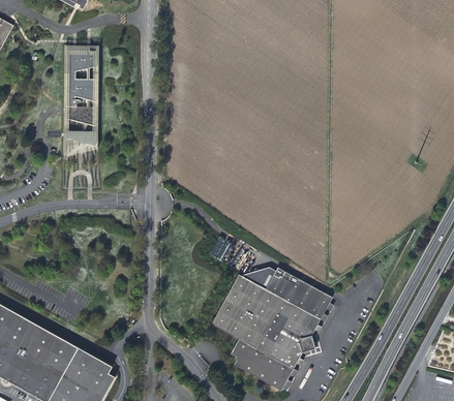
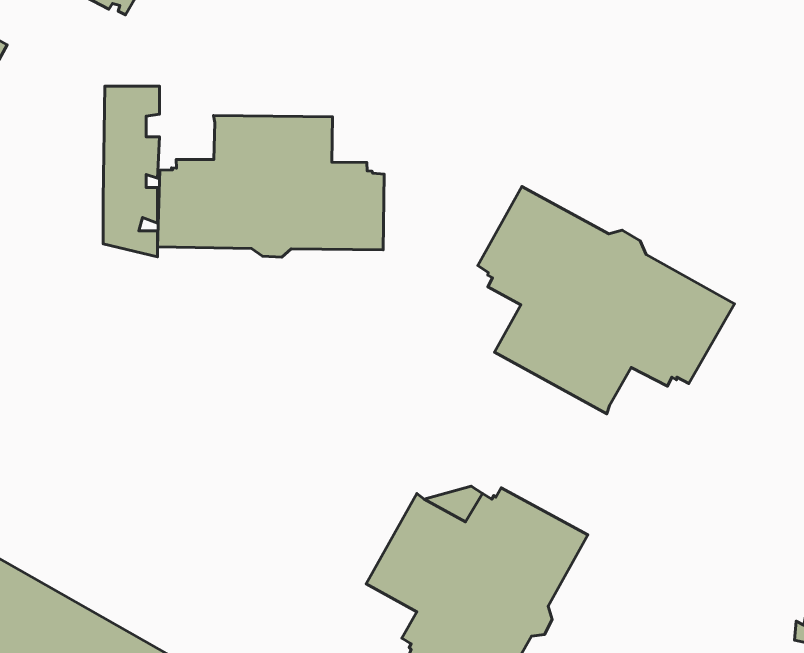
building: none -> [158,115,384,257]
building: none -> [478,187,734,414]

